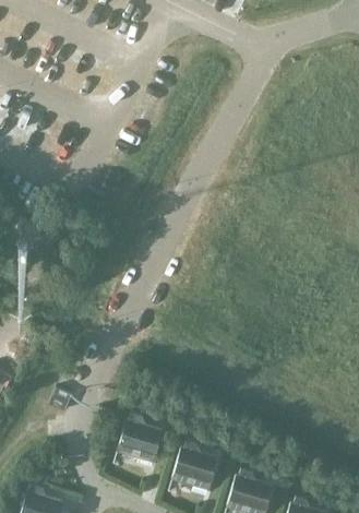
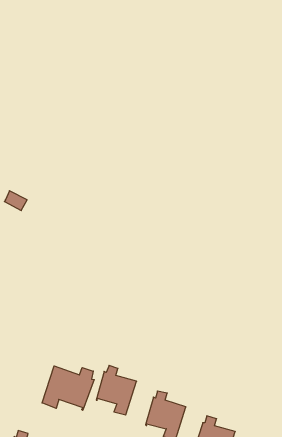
building: none -> [42,366,94,410]

